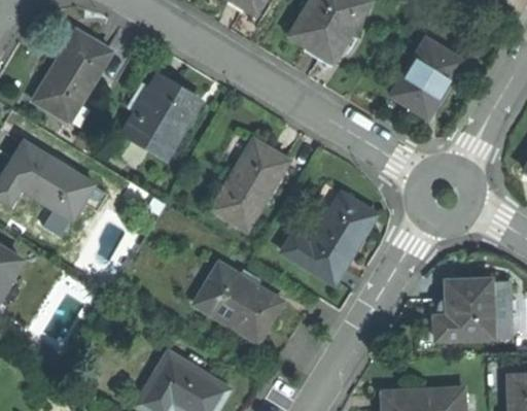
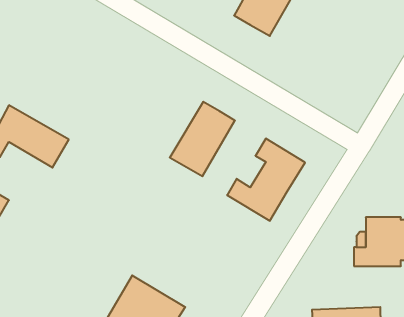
building: [33,33,108,123] -> none
building: [395,43,460,116] -> none
building: [124,78,198,157] -> none
building: [196,262,281,342] -> none

